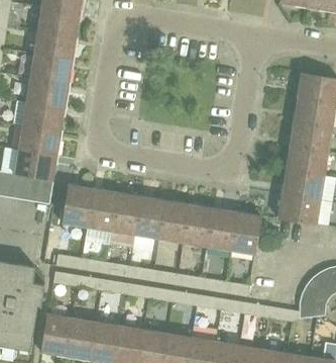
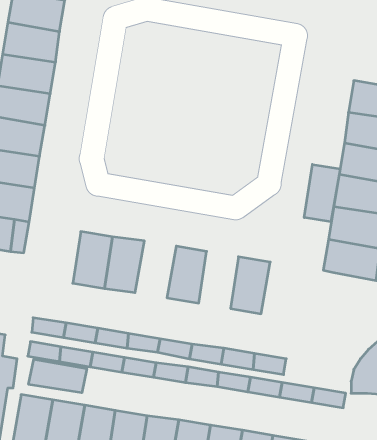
building: none -> [304,164,340,222]
building: [63,184,93,228] -> none
building: [134,195,165,239] -> none
building: [183,203,213,247] -> none
building: [230,211,260,255] -> none
building: none -> [29,359,87,393]

